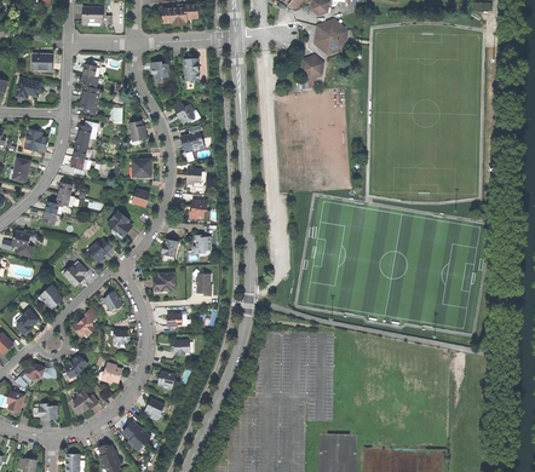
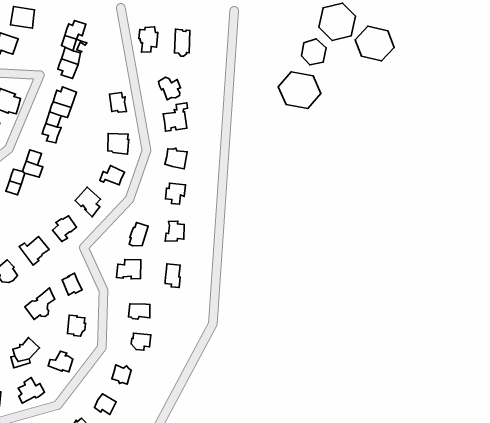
building: none -> [355,26,394,61]
building: none -> [278,72,321,109]

